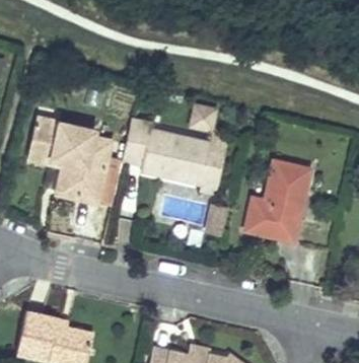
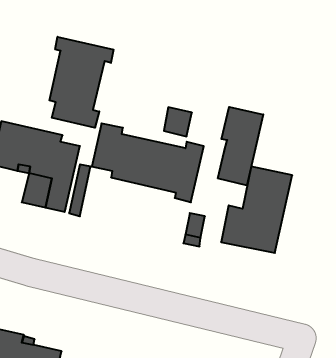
building: none -> [49,37,114,128]
building: none -> [218,107,263,185]

